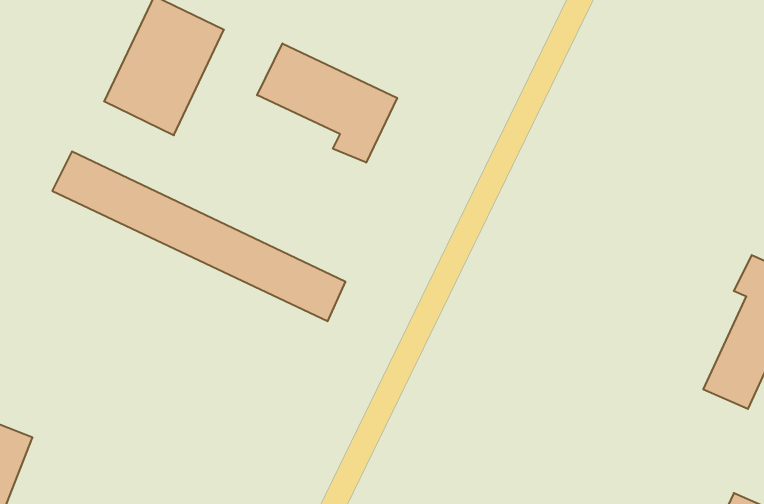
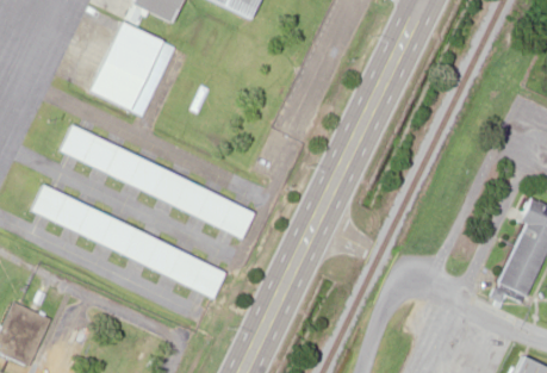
building: [257,43,397,163] -> none
building: none -> [32,185,229,299]

